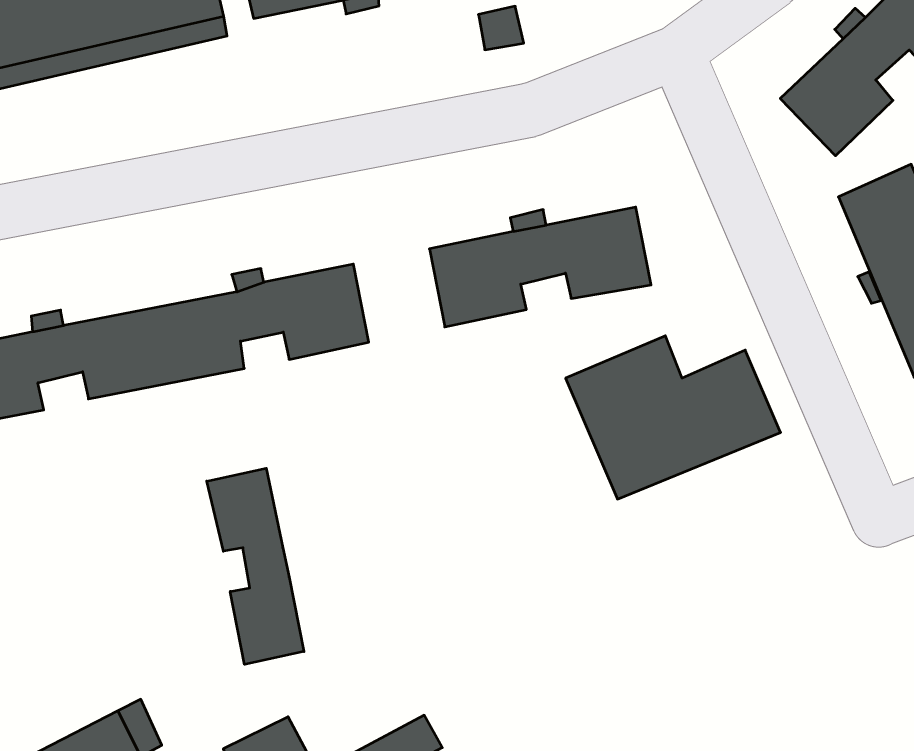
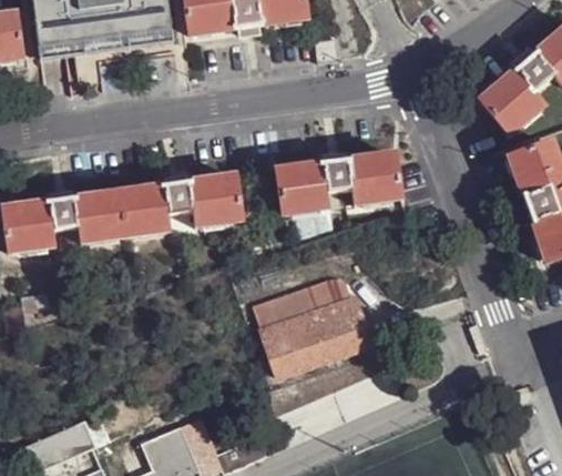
building: [566,336,781,499] -> [256,283,375,373]
building: [207,468,304,664] -> none

